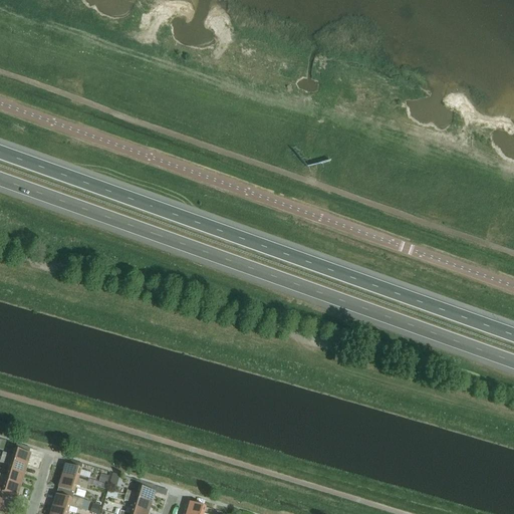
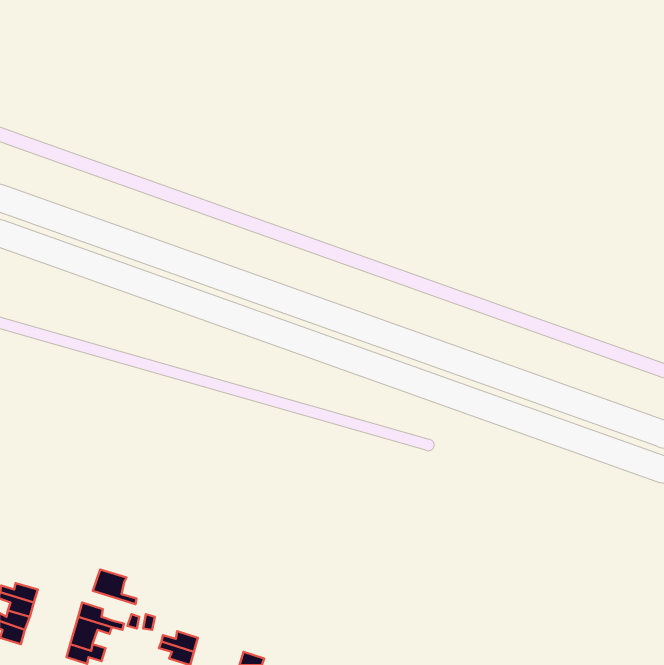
building: none -> [93,569,137,604]

